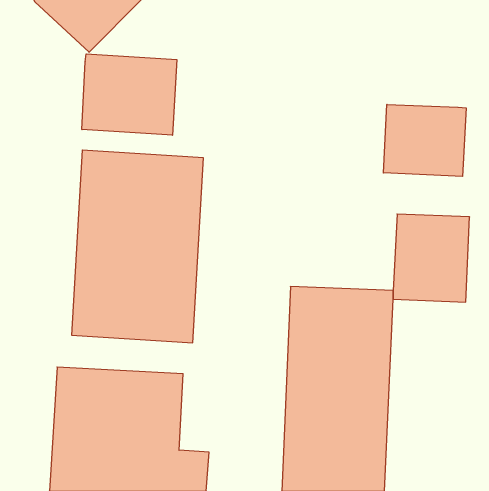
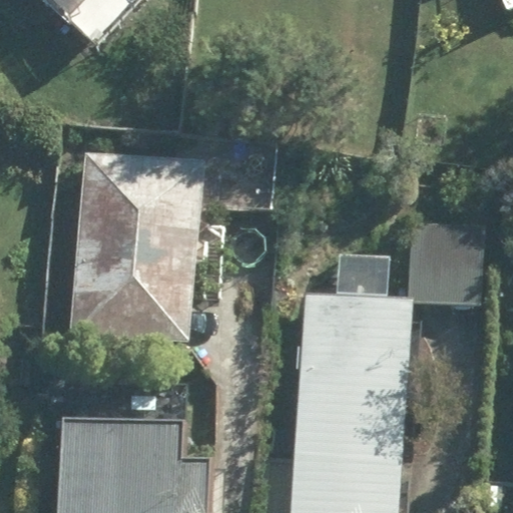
building: [82,54,177,135] -> none
building: [383,104,466,176] -> none

